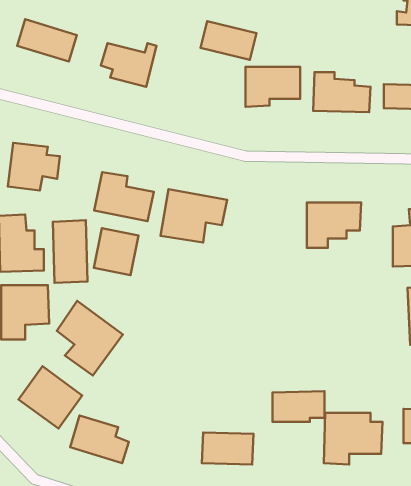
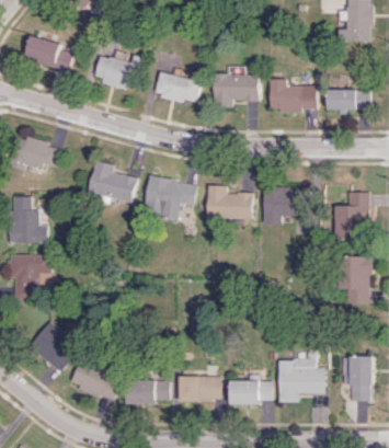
building: [201,21,256,60] -> [153,71,199,103]
building: none -> [206,185,252,223]
building: [53,220,87,283] -> none
building: [94,228,139,275] -> none
building: [57,301,123,375] -> none
building: [273,391,324,422] -> [229,379,272,404]
building: none -> [125,380,167,403]

